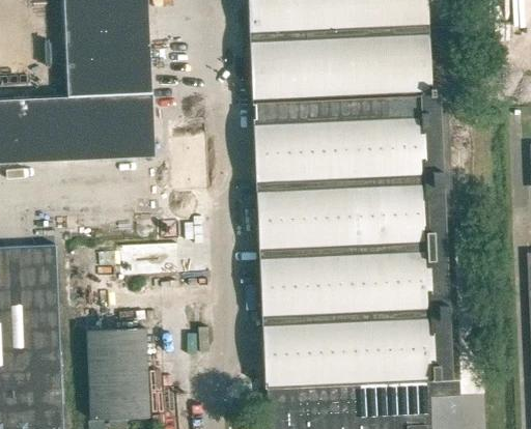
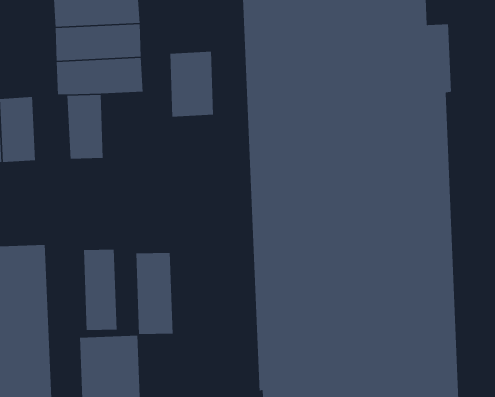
building: [110,93,153,159] -> [169,51,214,117]
building: [43,96,79,161] -> none
building: none -> [83,249,118,331]
building: none -> [135,252,174,335]

